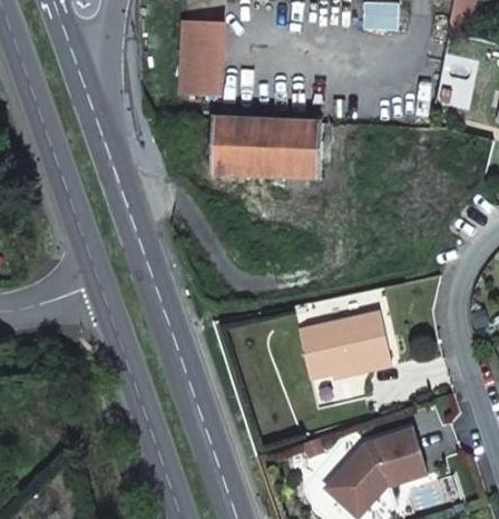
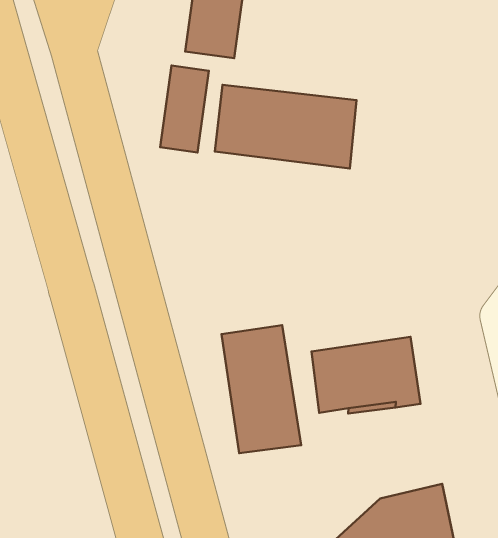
building: none -> [160,65,209,153]
building: none -> [221,325,301,453]

